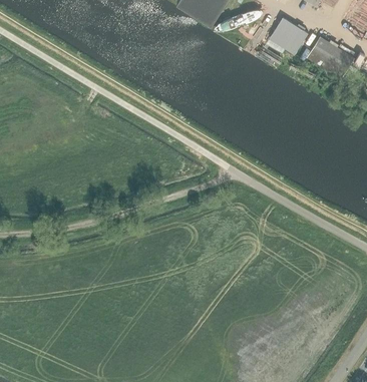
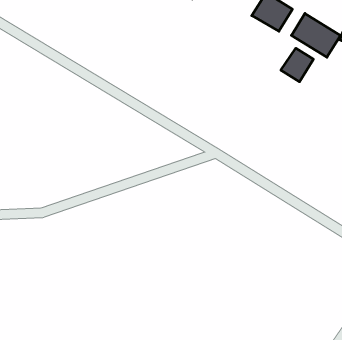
building: none -> [281,48,313,82]

